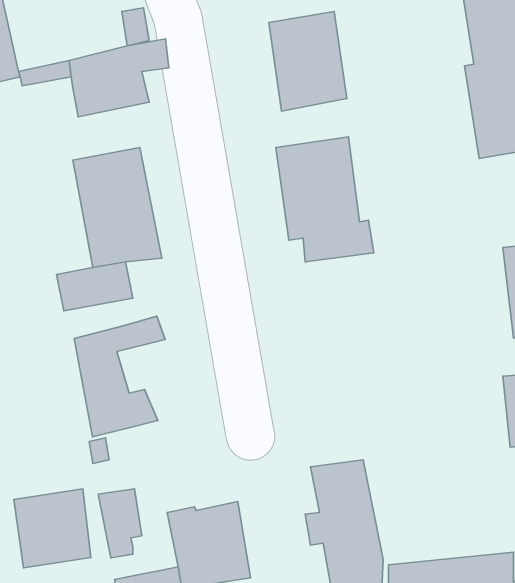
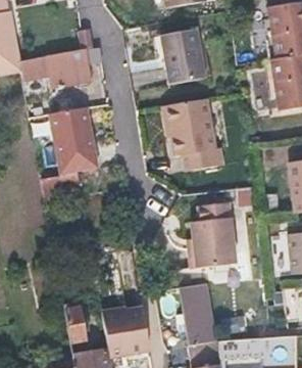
building: [74,316,165,437] -> none
building: none -> [187,203,233,269]
building: [14,489,91,568] -> none

